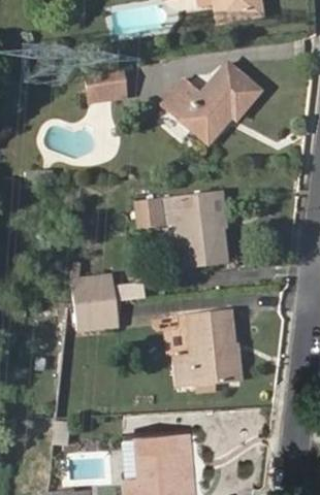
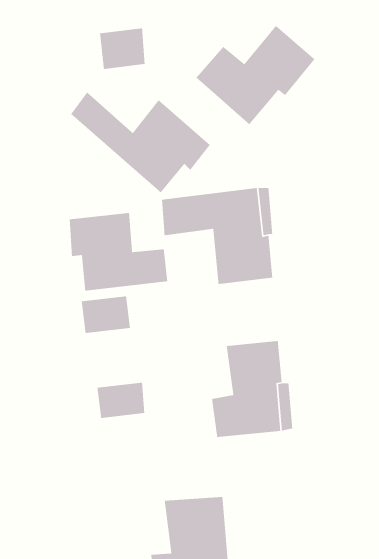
building: none -> [70,92,211,193]
building: none -> [69,212,168,291]
building: [76,301,115,330] -> [97,382,145,419]

